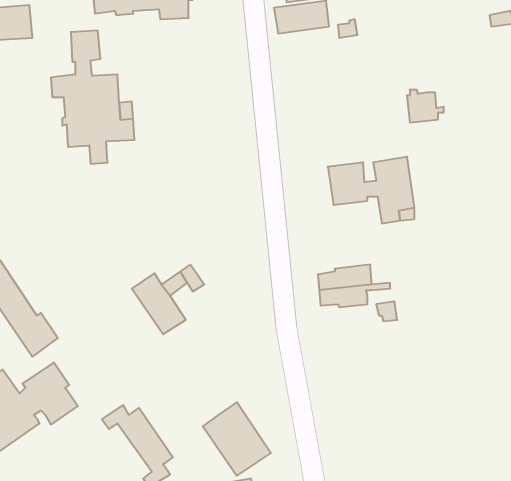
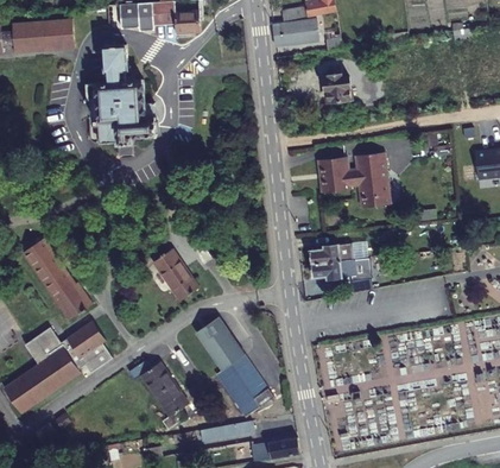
building: [407,90,444,122] -> [325,75,356,102]
building: none -> [192,317,241,371]

